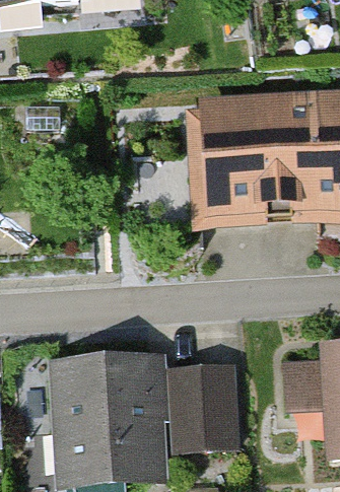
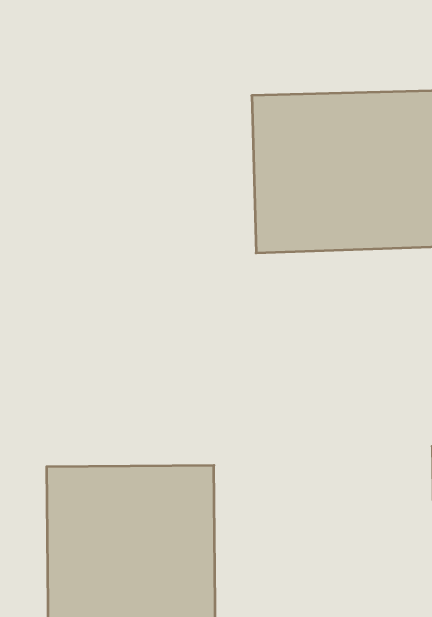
building: [178,357,247,445] -> none

